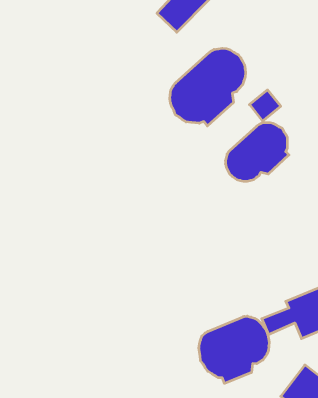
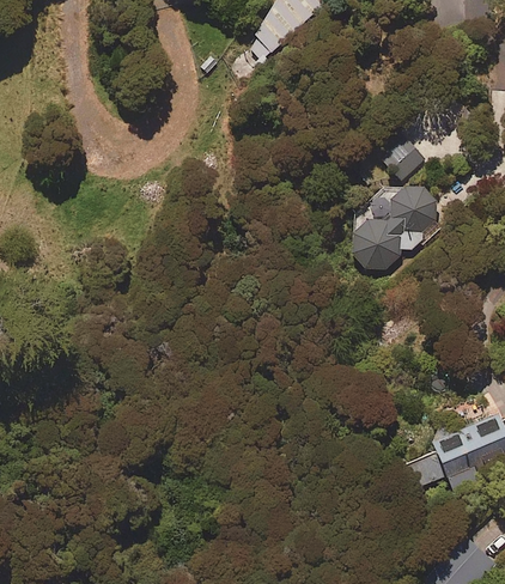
building: [170,48,246,126] -> none
building: [199,316,269,383] -> none

